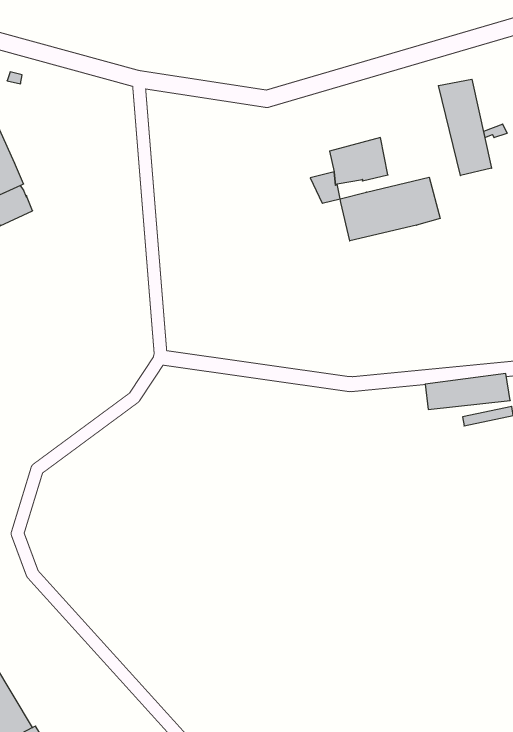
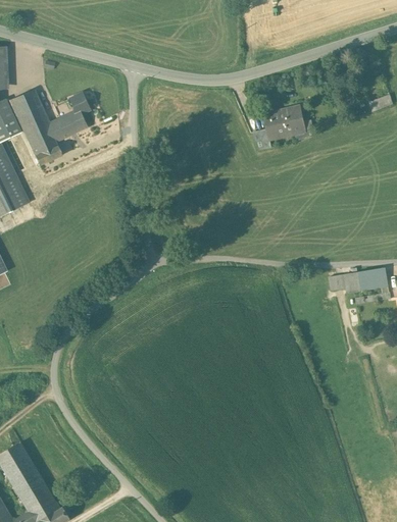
building: [438,79,492,176] -> none
building: none -> [49,93,90,142]
building: [340,177,440,241] -> none

